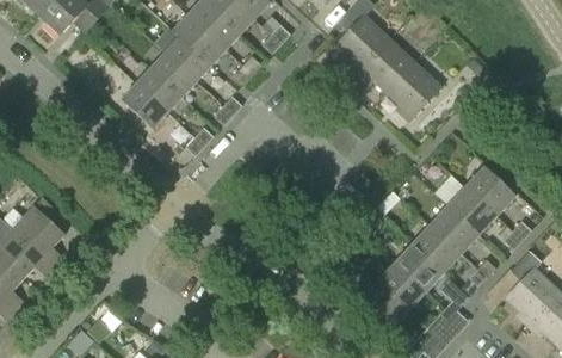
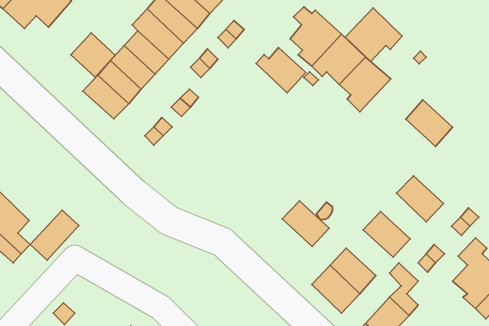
building: none -> [345,8,402,62]
building: none -> [71,33,115,77]
building: none -> [256,48,306,93]
building: [465,167,514,216] -> [406,100,453,147]
building: [431,205,478,253] -> none
building: none -> [30,210,79,260]
building: [395,243,444,291] -> [282,201,329,246]

